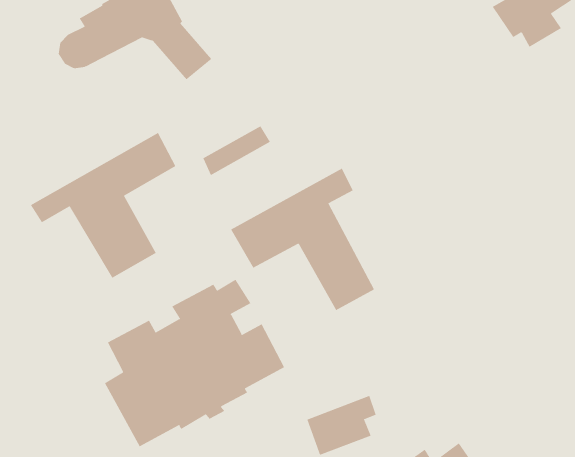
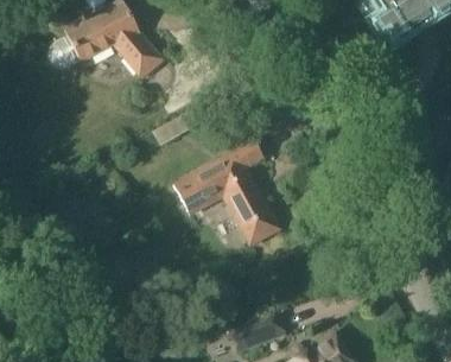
building: [30,132,176,279] -> none
building: [104,279,285,447] -> none

